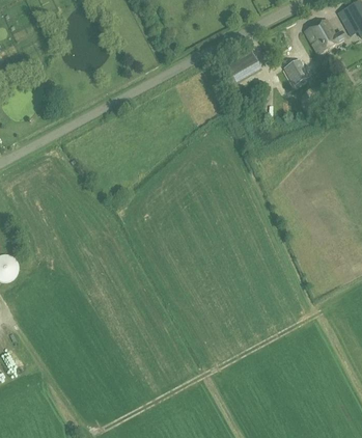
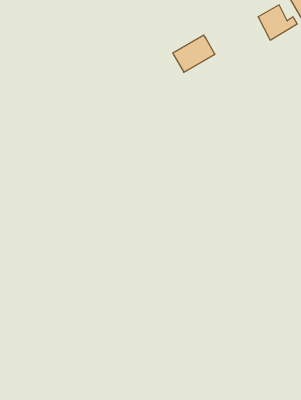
building: [282,57,309,85] -> none

